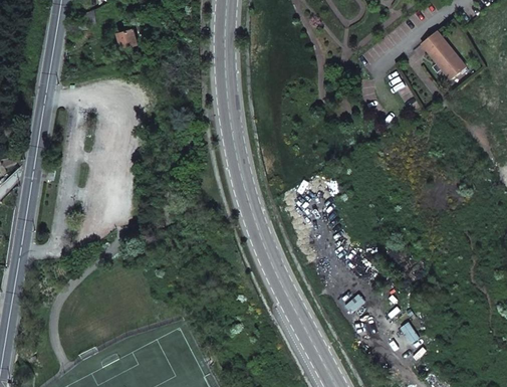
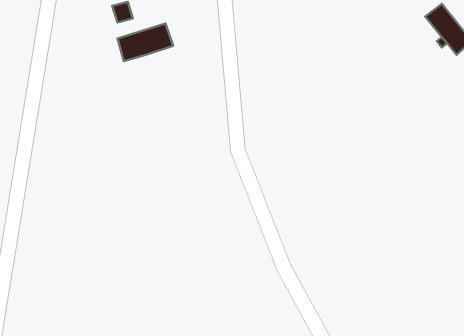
building: none -> [118,23,173,61]

